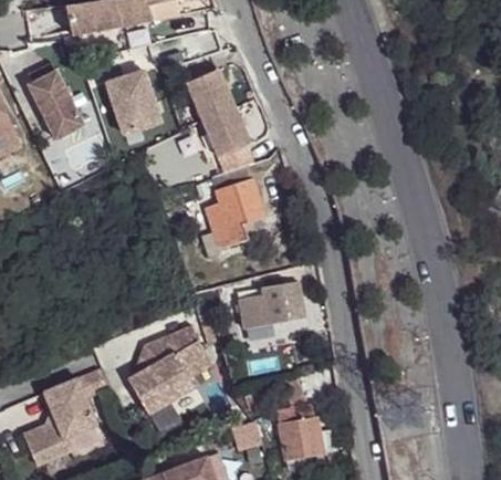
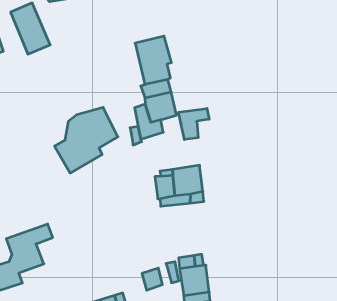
building: [187,64,239,117] -> none
building: [107,71,161,136] -> none
building: none -> [179,108,209,140]
building: [126,330,211,421] -> [55,107,118,173]

